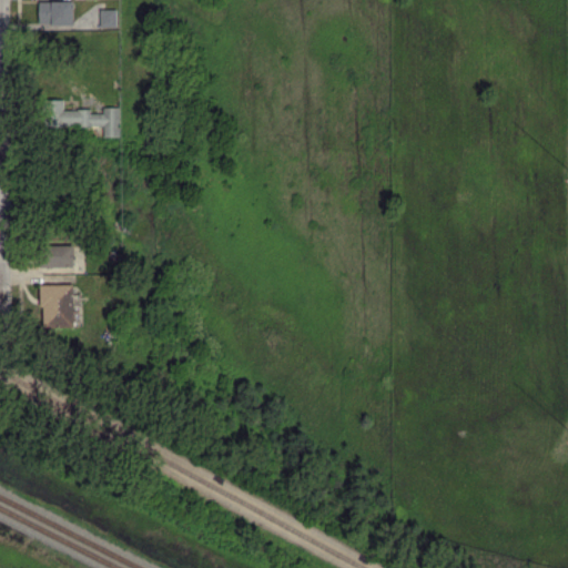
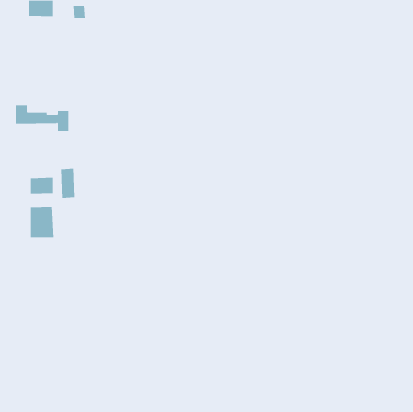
building: [45,101,120,138] -> [15,105,69,131]
building: none -> [61,168,75,199]

